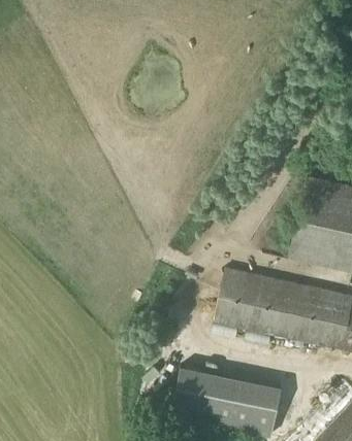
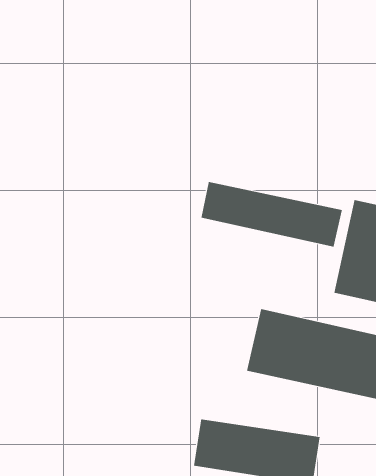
building: none -> [201,181,342,248]

